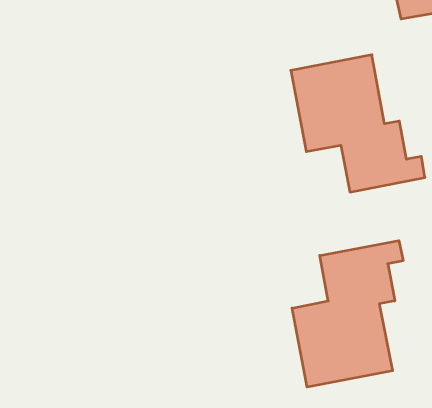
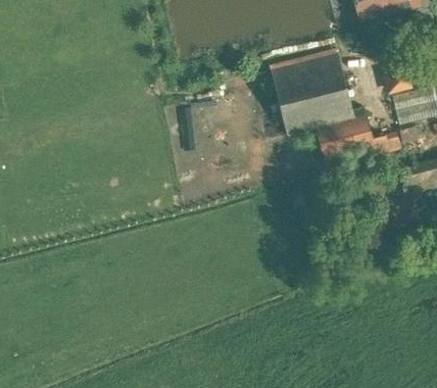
building: [292,241,403,387] -> none

